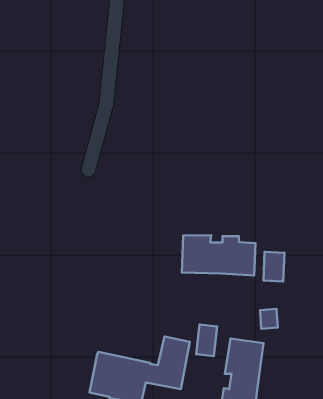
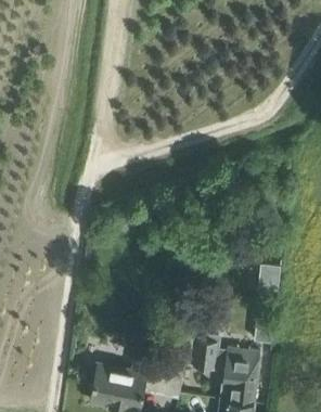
building: [182,235,256,275] -> none

